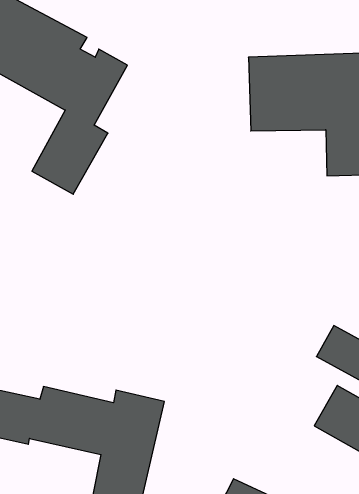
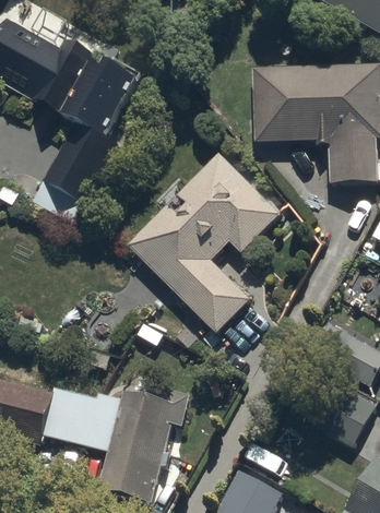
building: none -> [133,156,274,323]

